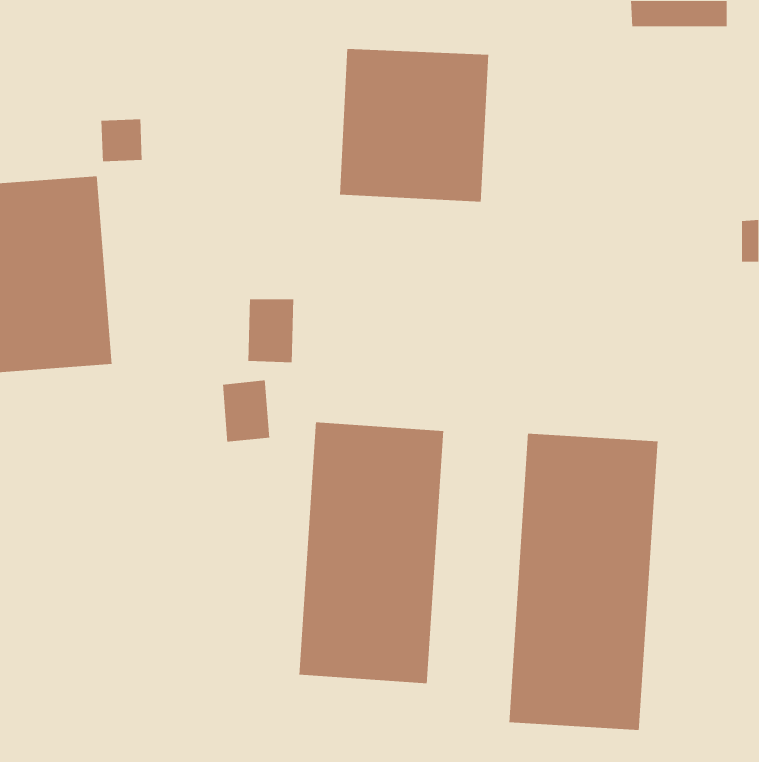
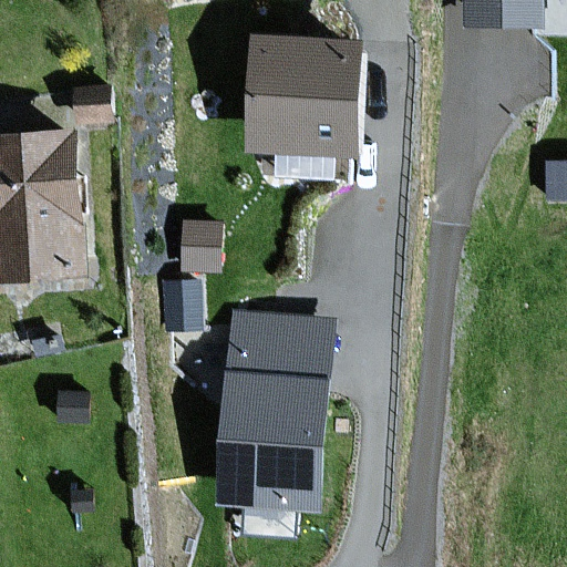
building: [508,433,658,731] -> none

